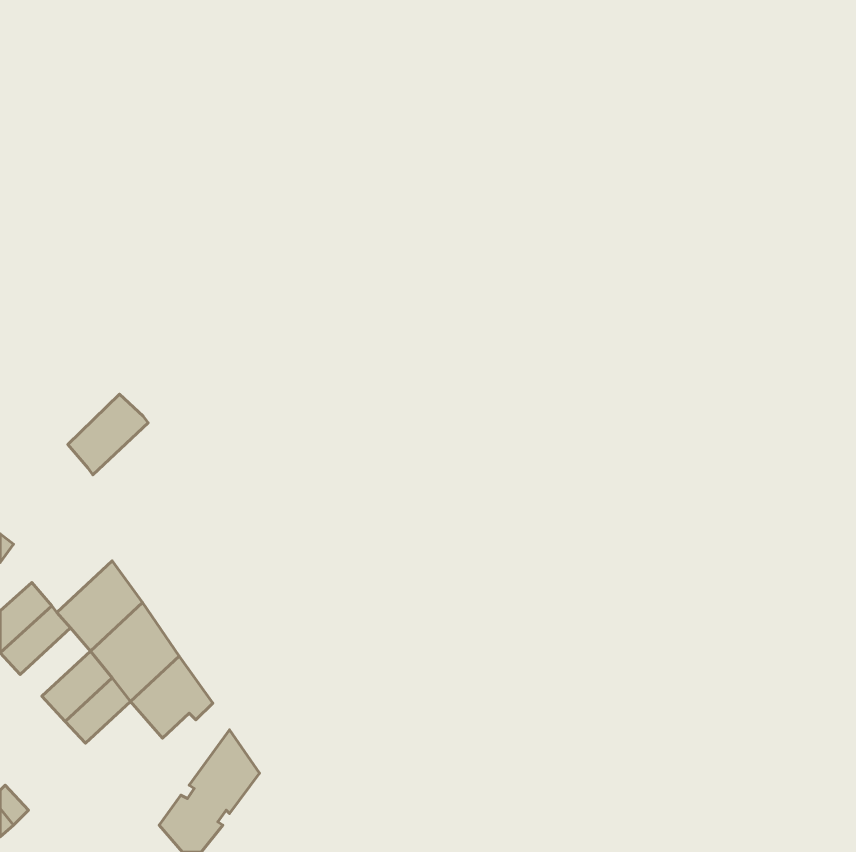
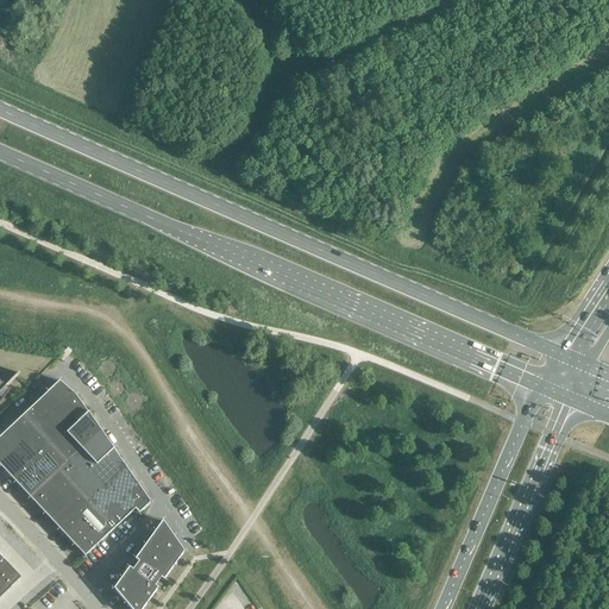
building: [68,394,148,475] -> [23,378,80,435]
building: none -> [14,446,64,495]
building: none -> [61,498,115,554]

